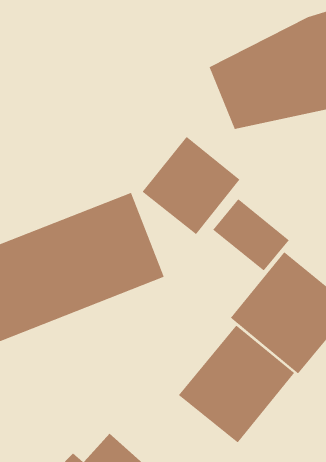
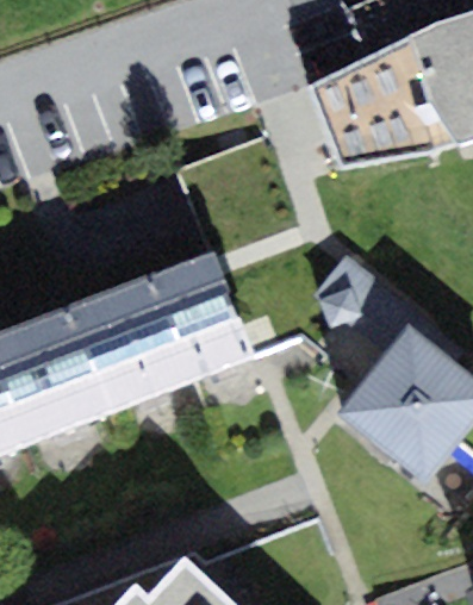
building: [141,136,241,235] -> none
building: [178,324,295,443] -> none

